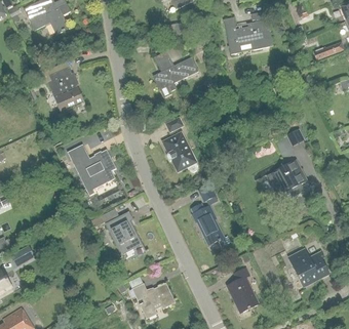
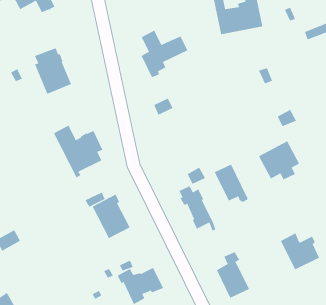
building: [163,133,197,171] -> [214,164,248,202]

